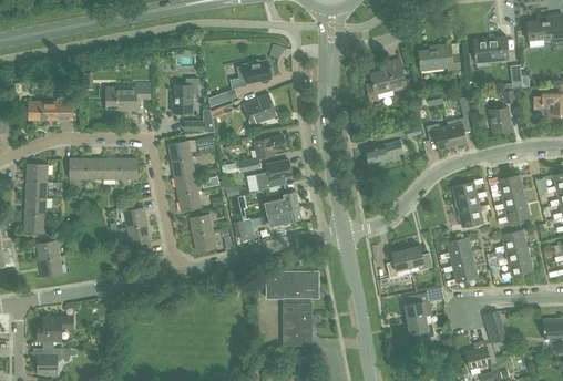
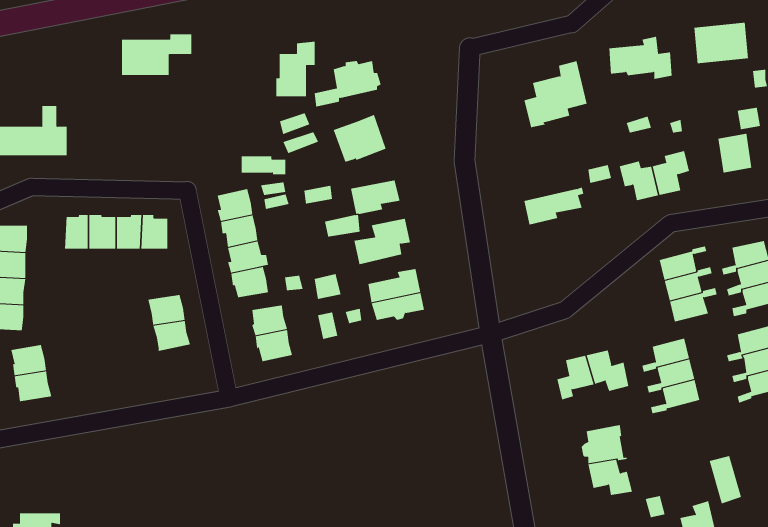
building: [173,78,198,113] -> [275,41,315,97]
building: [105,84,151,111] -> [121,34,192,75]
building: [267,271,318,343] -> none
building: [38,317,73,340] -> none

